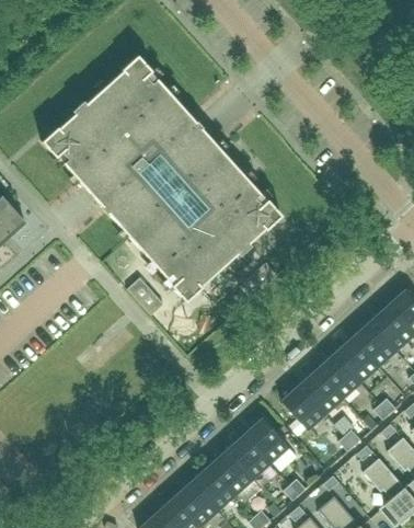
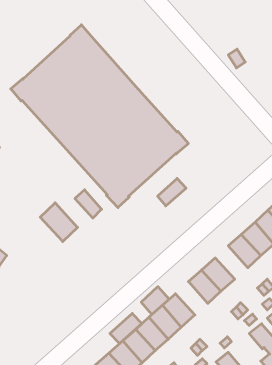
building: none -> [40,203,78,242]
building: [318,353,361,398] -> none
building: none -> [141,287,169,315]
building: none -> [110,313,142,344]

